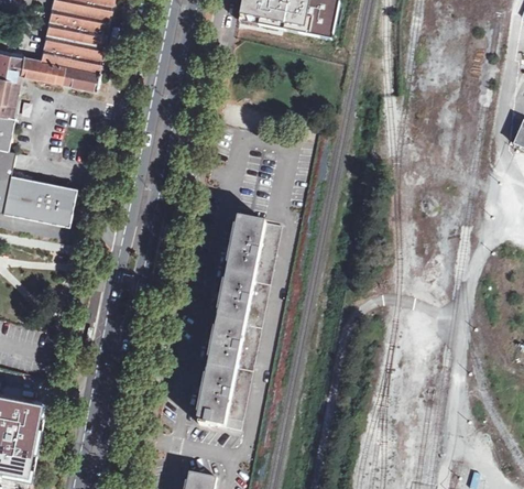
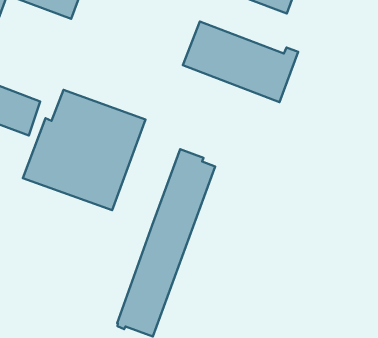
building: none -> [183,21,298,102]
building: none -> [23,90,146,210]

